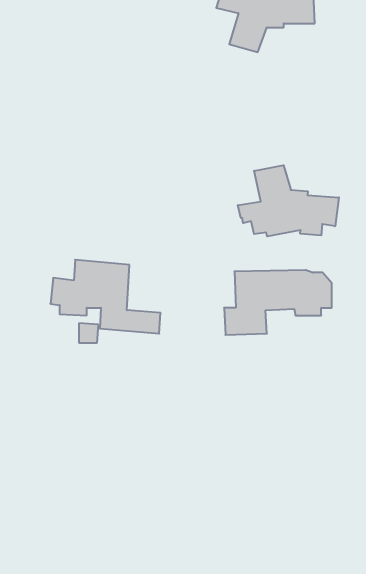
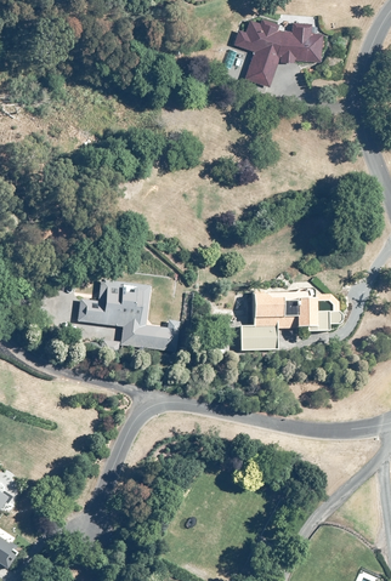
building: [238,165,339,236] -> none

